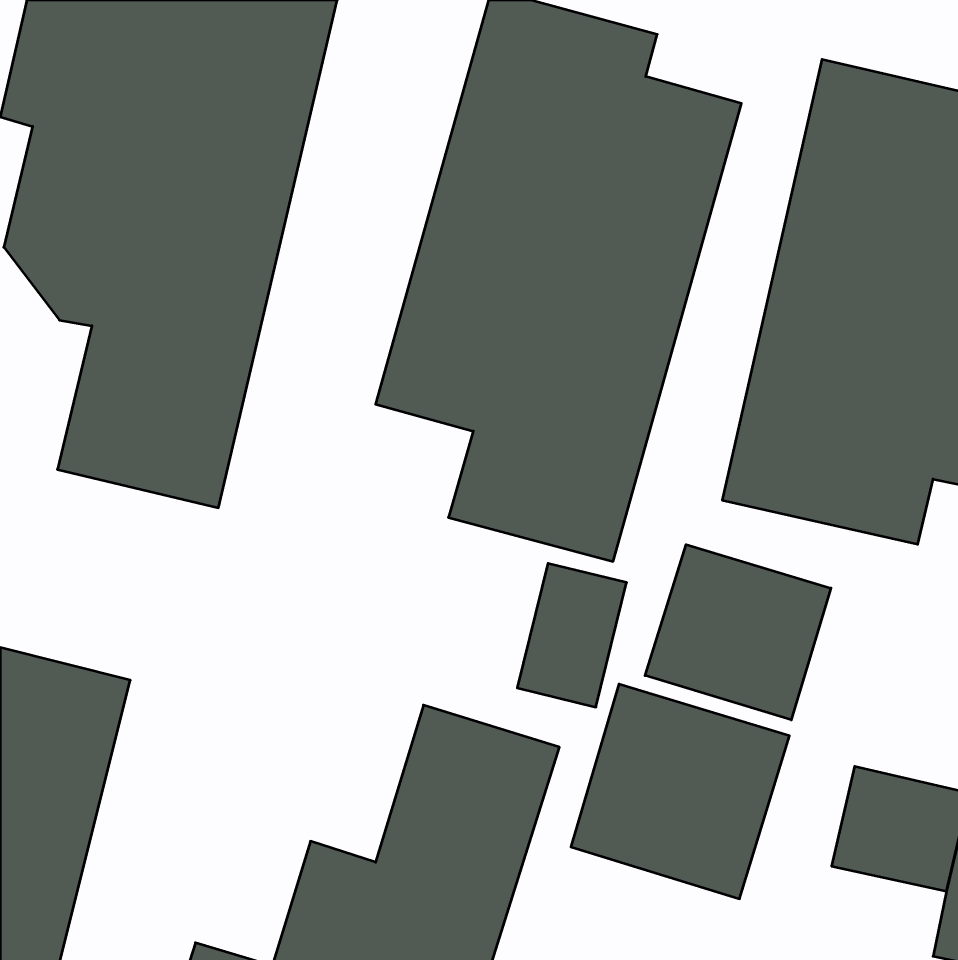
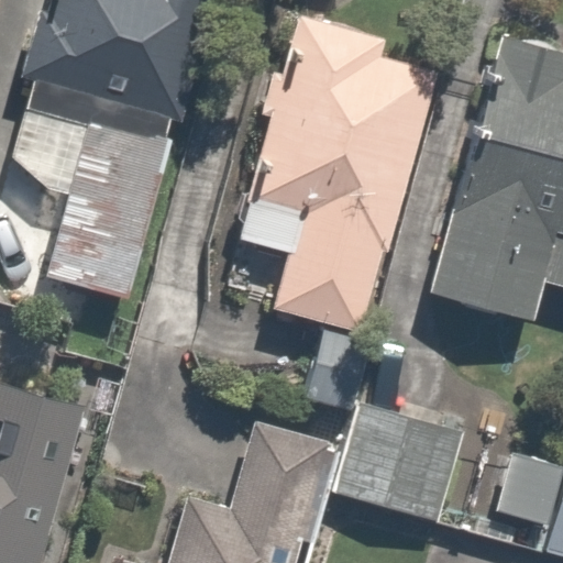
building: [645,545,831,720] -> none

